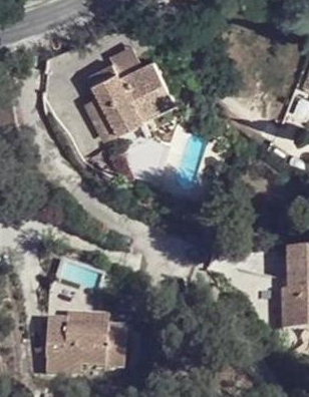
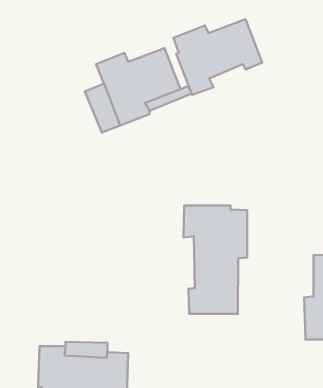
building: none -> [174,19,262,95]
building: none -> [183,205,247,314]

